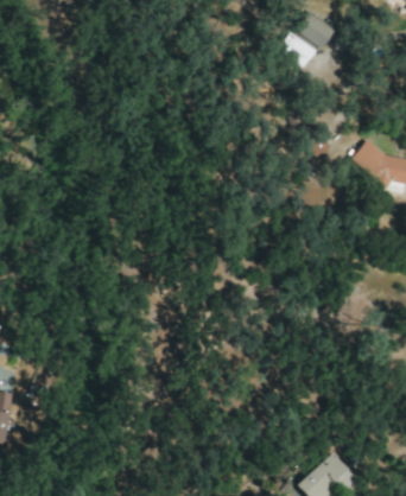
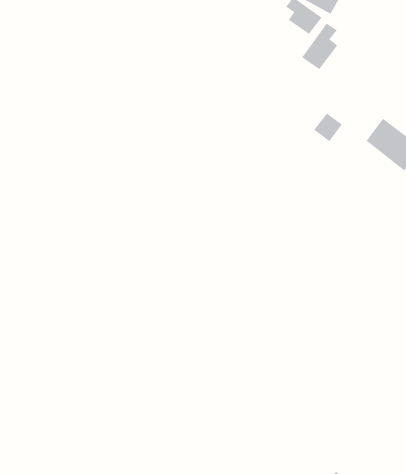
building: none -> [301,22,338,70]

